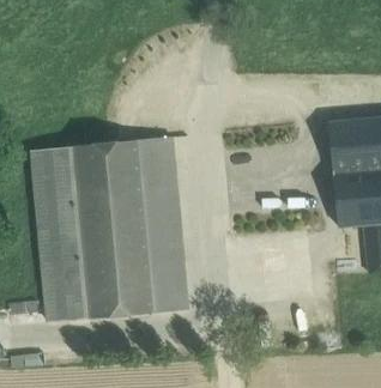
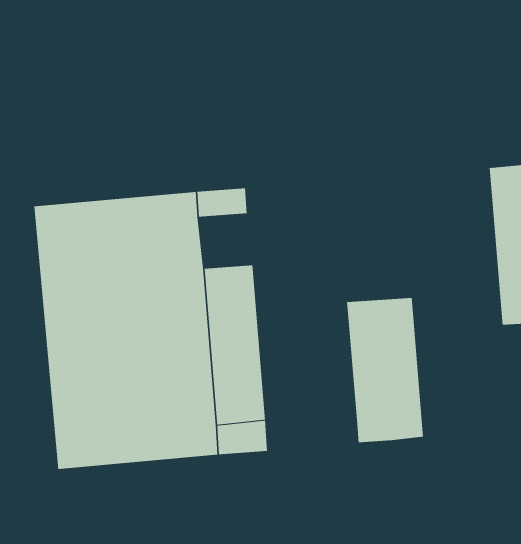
building: [139,153,175,189] -> none
building: none -> [347,297,423,443]

